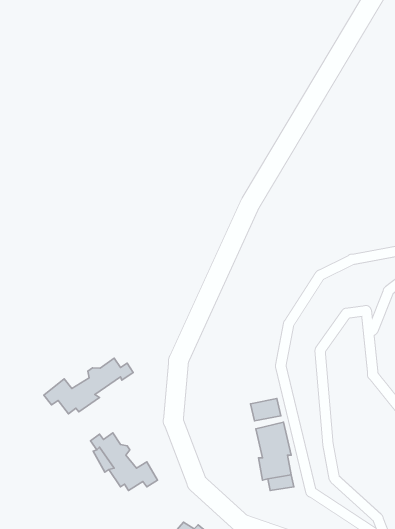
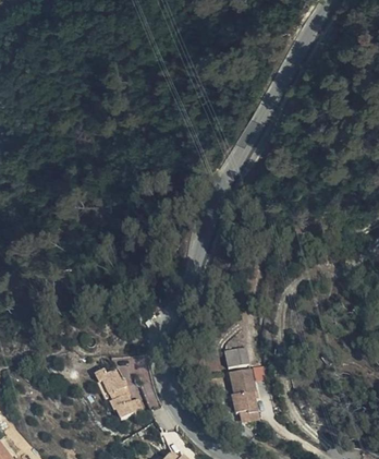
building: [44,358,133,414] -> none

